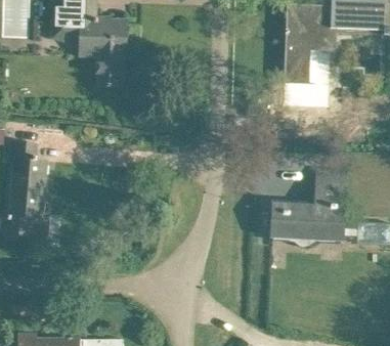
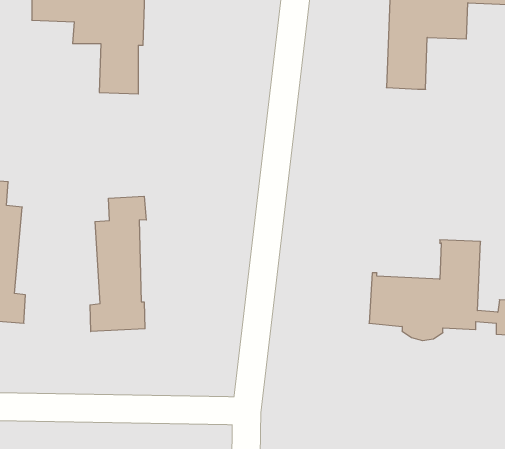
building: none -> [90,196,146,332]

